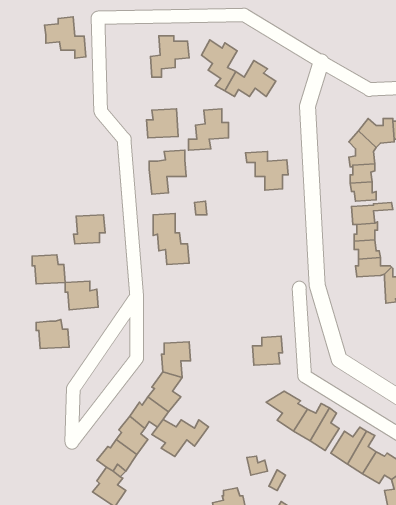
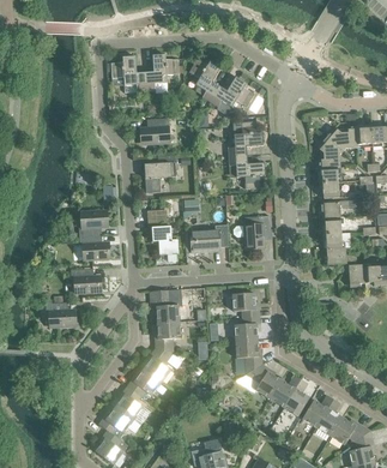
building: [44,17,86,58] -> [110,55,146,91]
building: [189,109,229,150] -> [228,120,262,156]
building: none -> [232,215,271,248]
building: none -> [189,224,228,252]
building: [32,255,65,284] -> [79,234,108,259]
building: none -> [152,289,179,322]
building: none -> [231,292,259,317]
building: none -> [235,340,261,373]
building: [152,420,209,457] -> none

